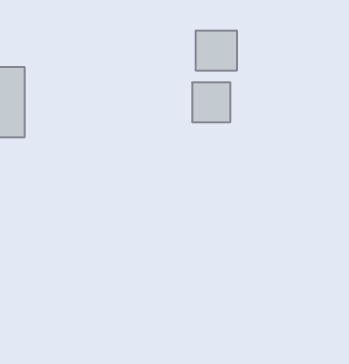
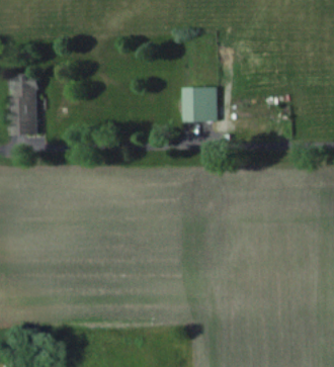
building: [196,30,237,71] -> none

